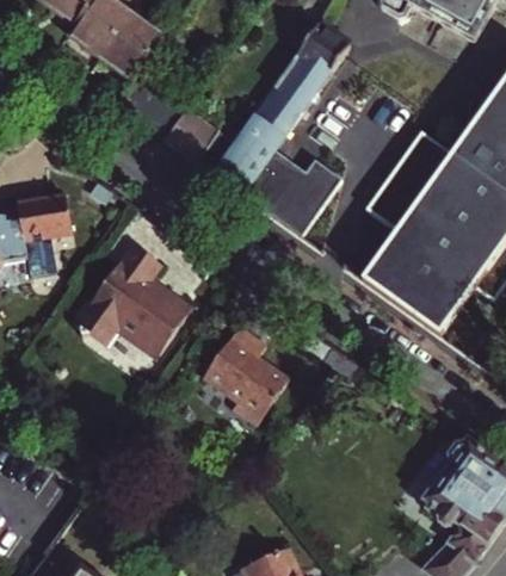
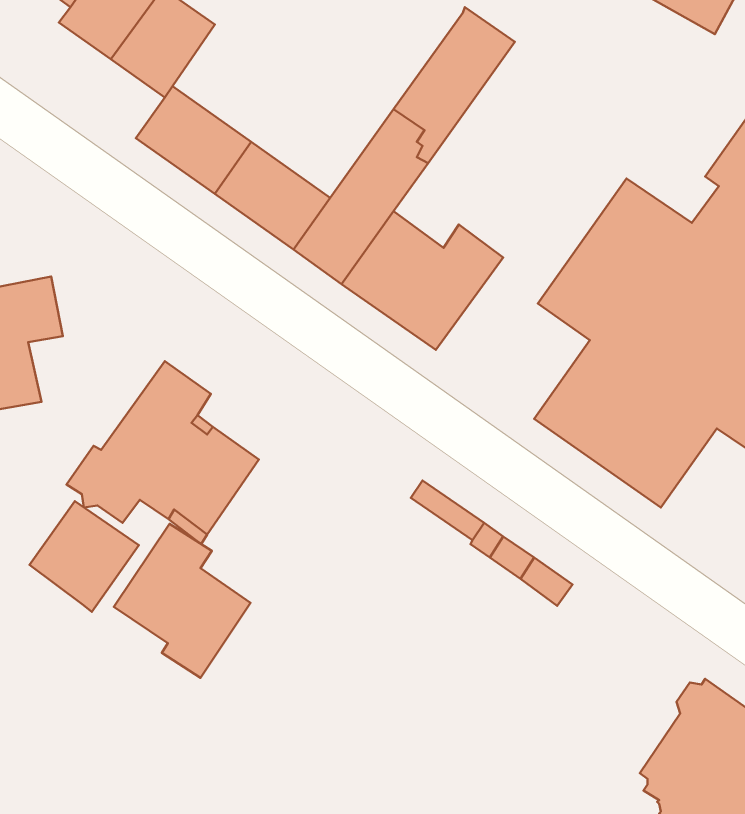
building: none -> [29,501,139,612]
building: [202,330,286,426] -> [114,524,250,678]

